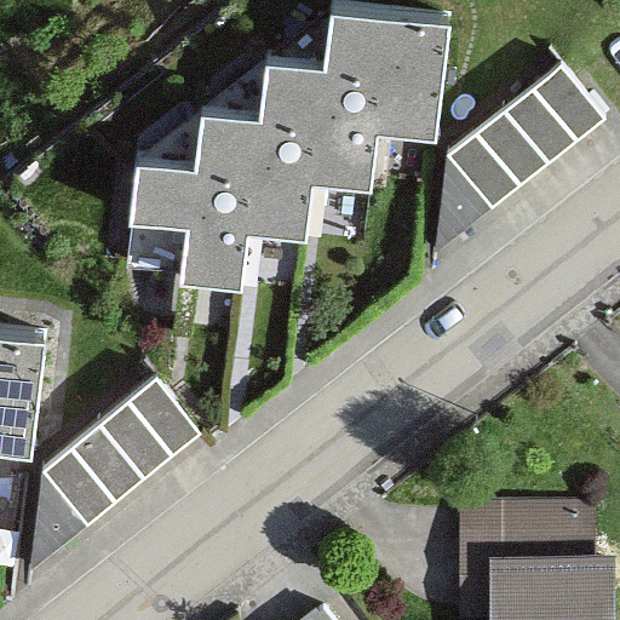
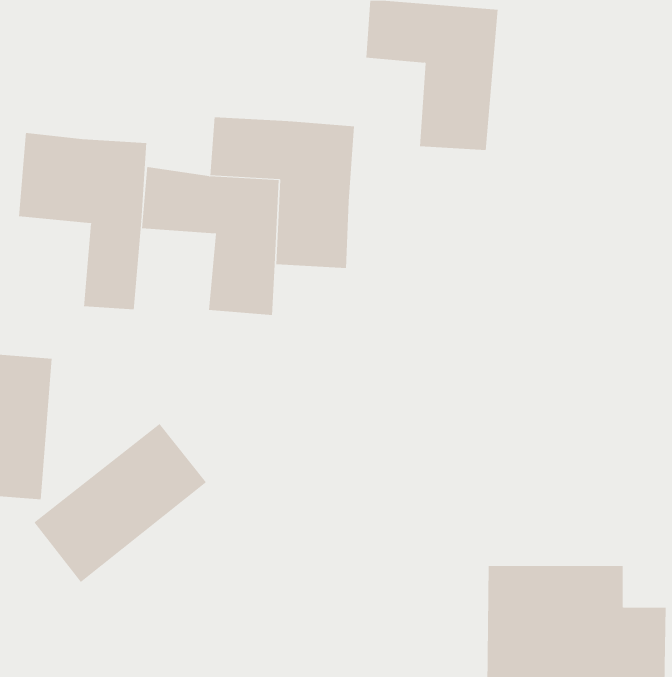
building: [260,58,383,195] -> none
building: [437,73,589,214] -> none
building: none -> [18,132,147,310]

